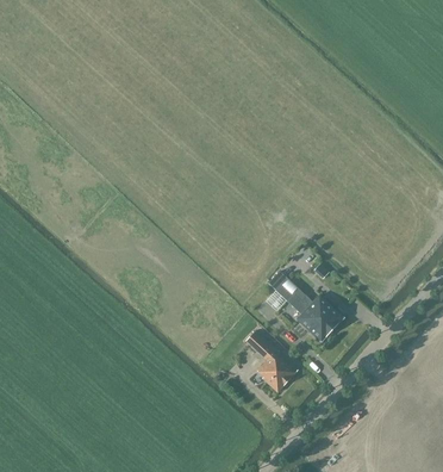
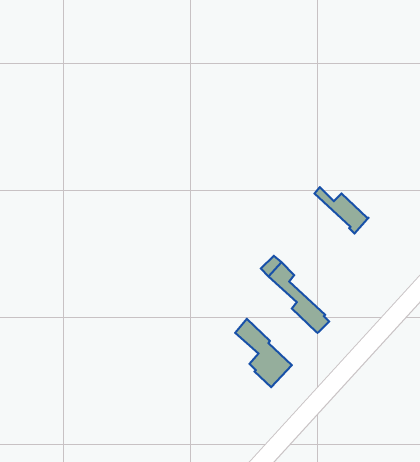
building: [294,291,344,334] -> [315,187,369,233]

